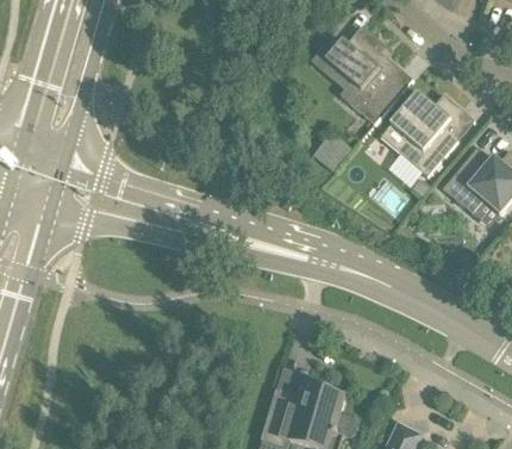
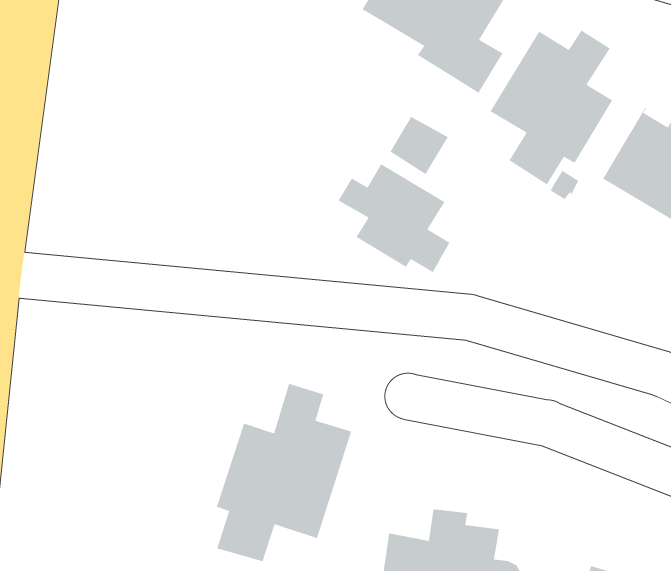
building: none -> [338,163,451,273]
building: none -> [216,383,352,562]

